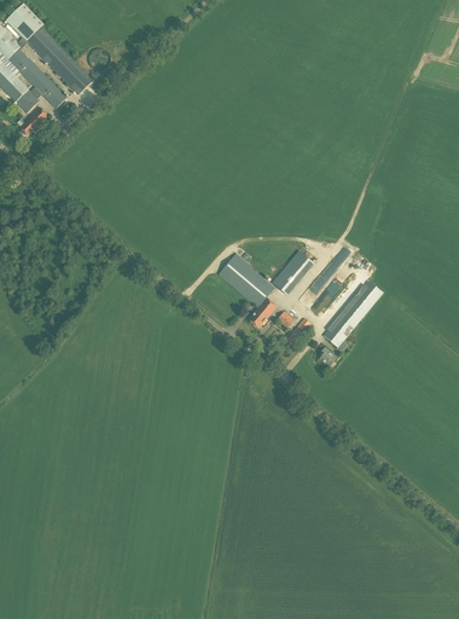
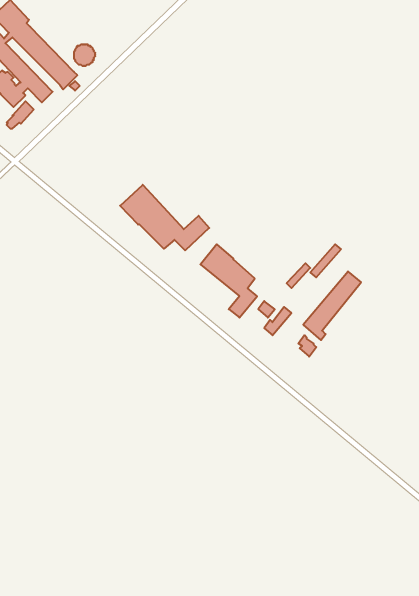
building: none -> [120,185,209,250]
building: [271,250,313,295] -> none

